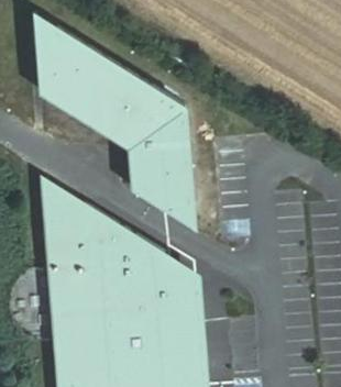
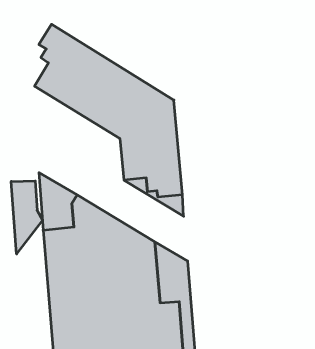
building: [31,13,56,91] -> none
building: none -> [11,181,42,254]

